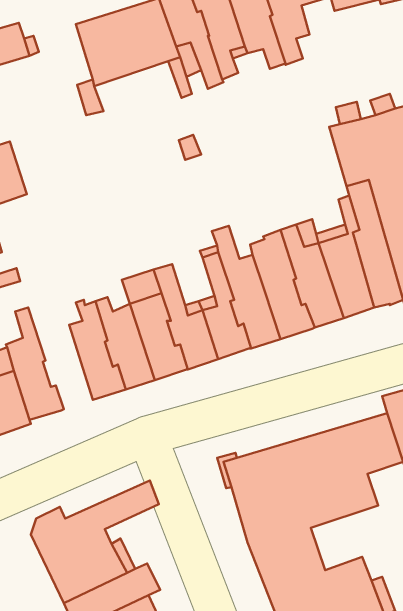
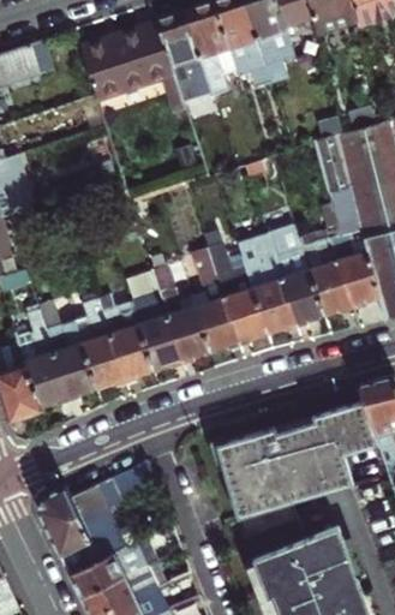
building: none -> [36,301,95,398]

